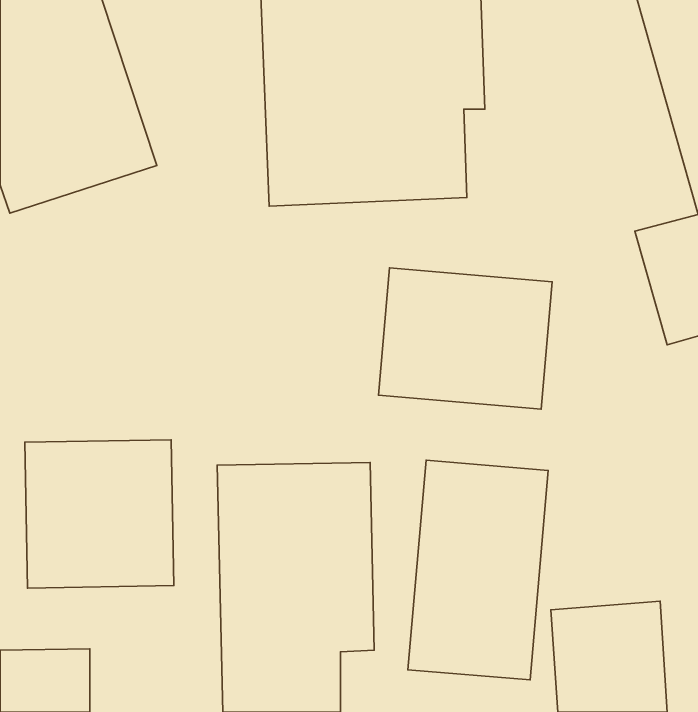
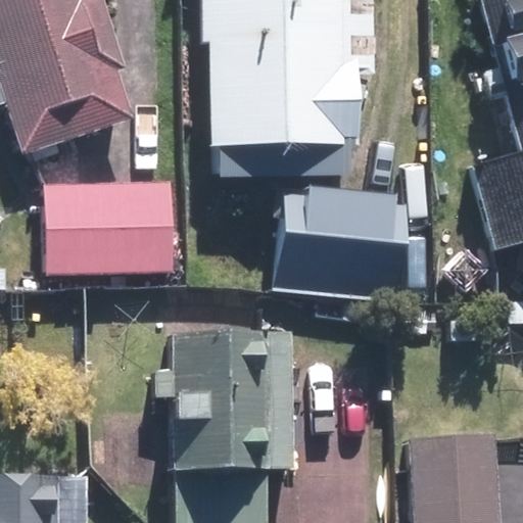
building: none -> [49,186,168,275]
building: [25,440,174,588] -> none
building: [408,460,548,680] -> none

